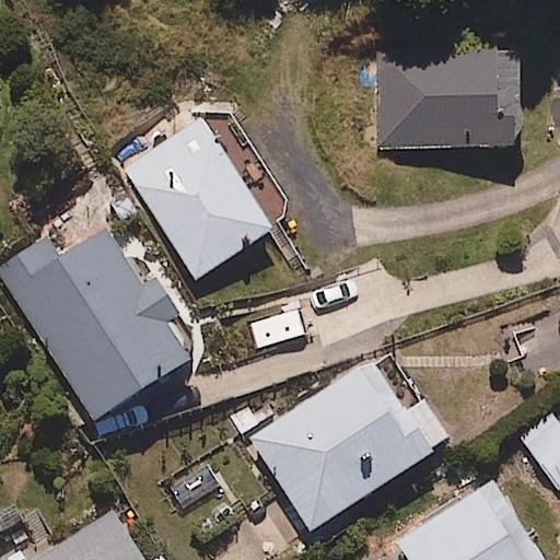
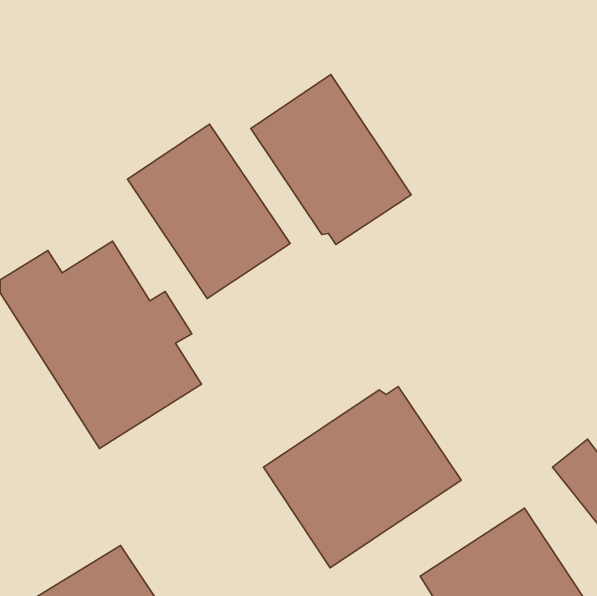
building: [378,50,521,149] -> none
building: none -> [251,74,411,245]

